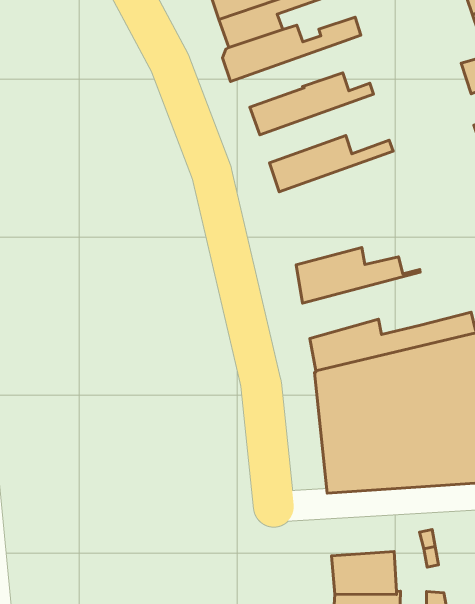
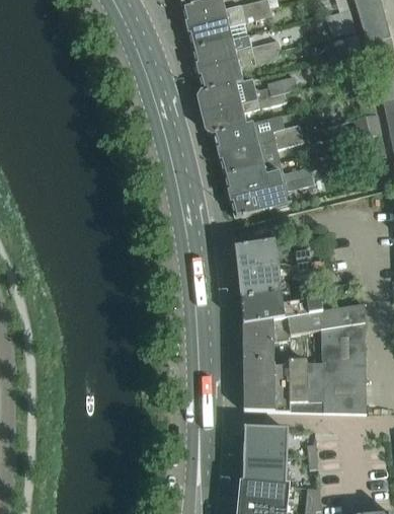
building: none -> [202,92,287,133]
building: none -> [219,132,304,173]
building: none -> [229,173,314,218]
building: none -> [238,261,325,300]
building: none -> [242,427,288,456]

